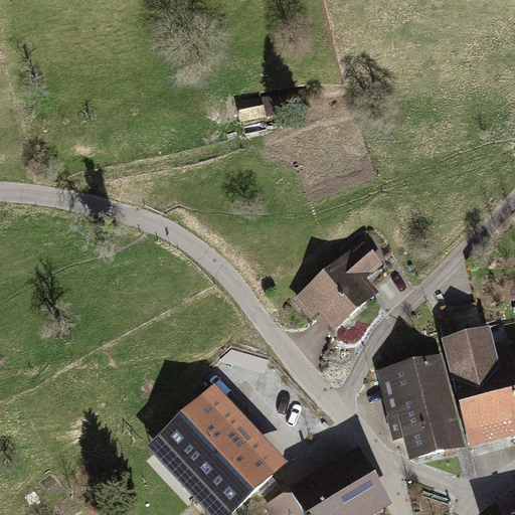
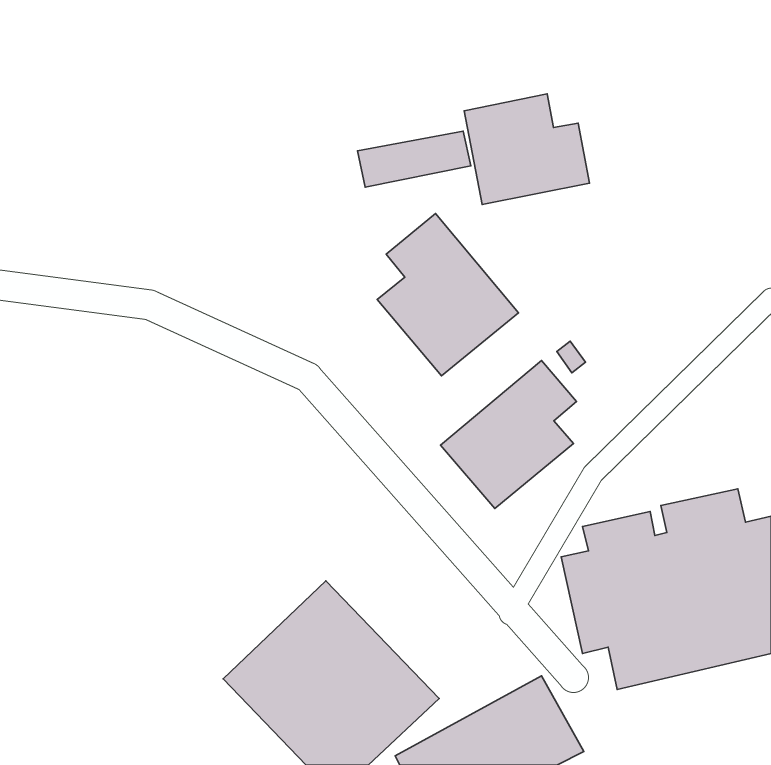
building: none -> [464,94,590,205]
building: none -> [377,214,518,376]

